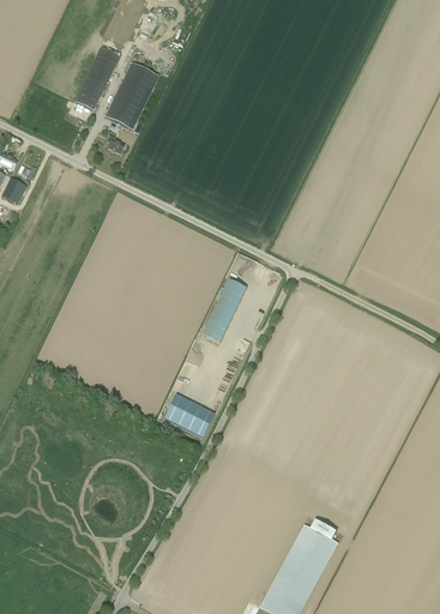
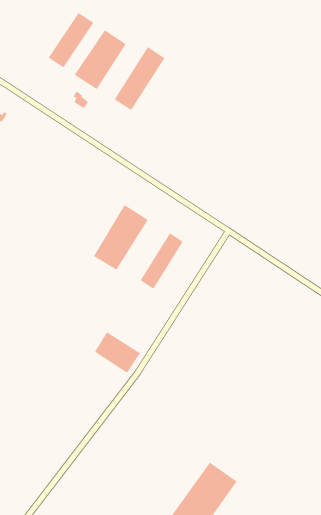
building: none -> [114,46,165,111]
building: none -> [93,204,148,271]

